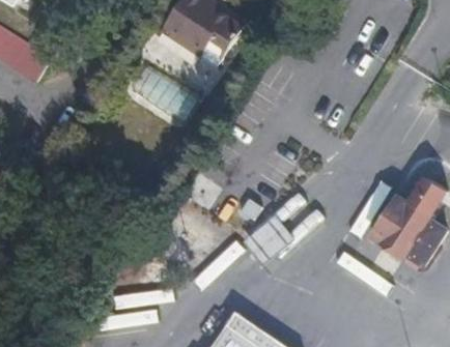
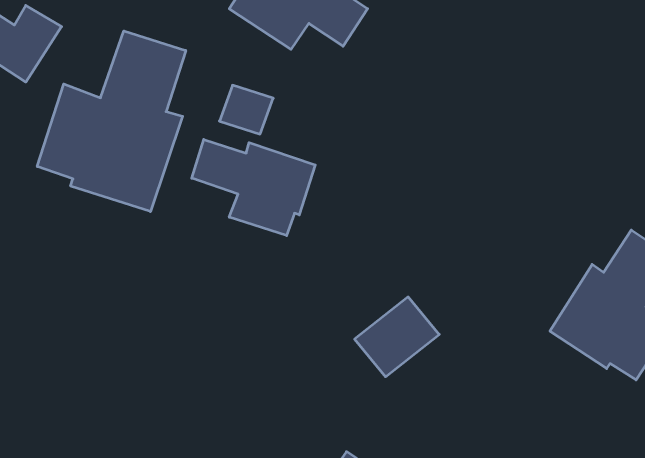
building: none -> [37,31,186,212]
building: none -> [192,139,315,236]

